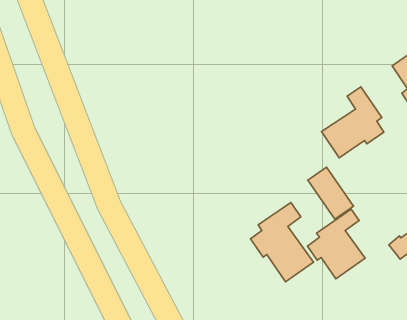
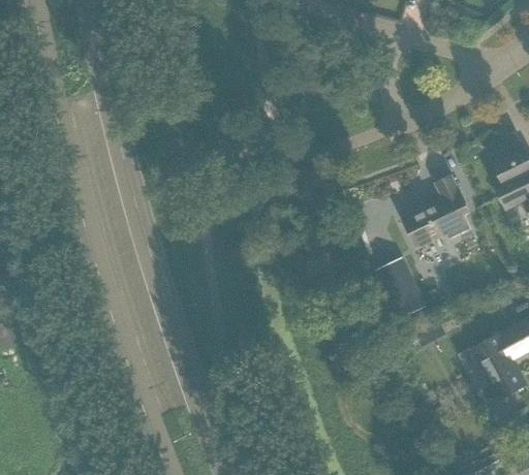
building: [250,202,313,282] -> none
building: [307,209,365,279] -> none

